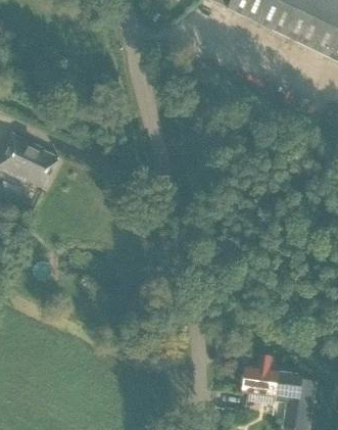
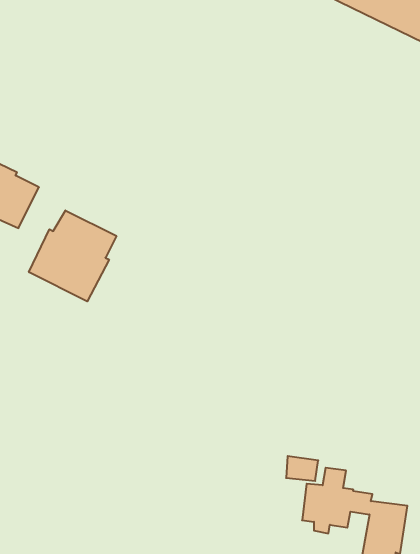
building: none -> [29,210,116,301]

